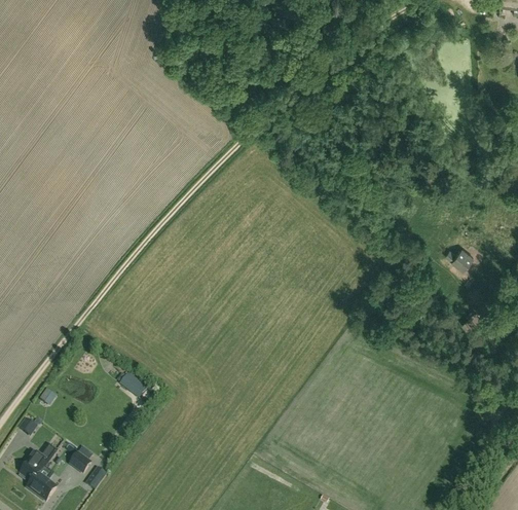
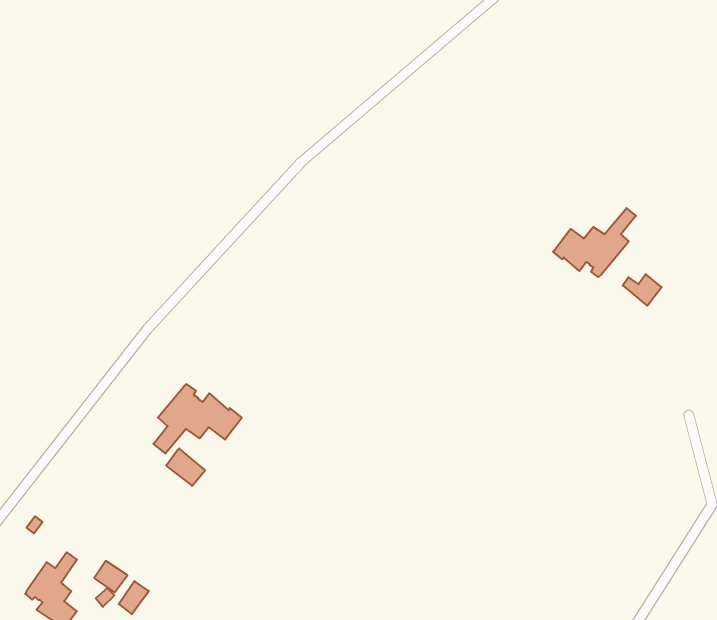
building: none -> [553,208,636,277]
building: none -> [153,384,242,454]

